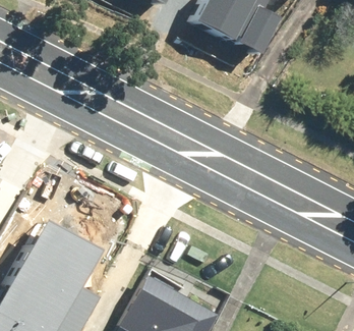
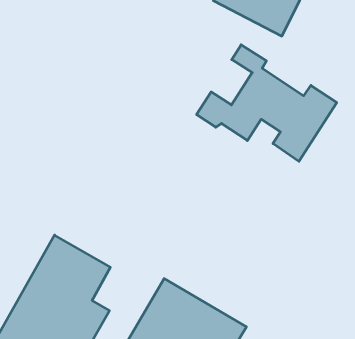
building: none -> [197,45,337,161]

